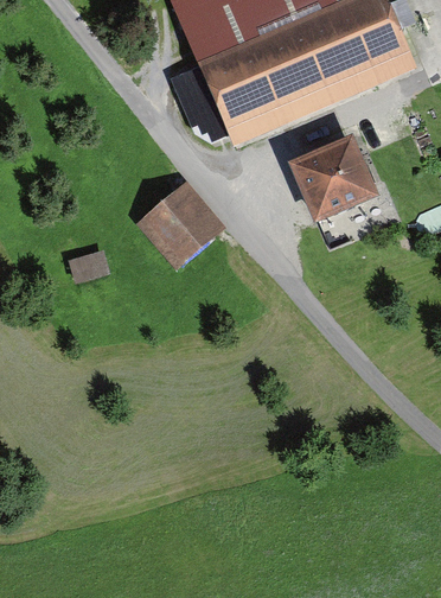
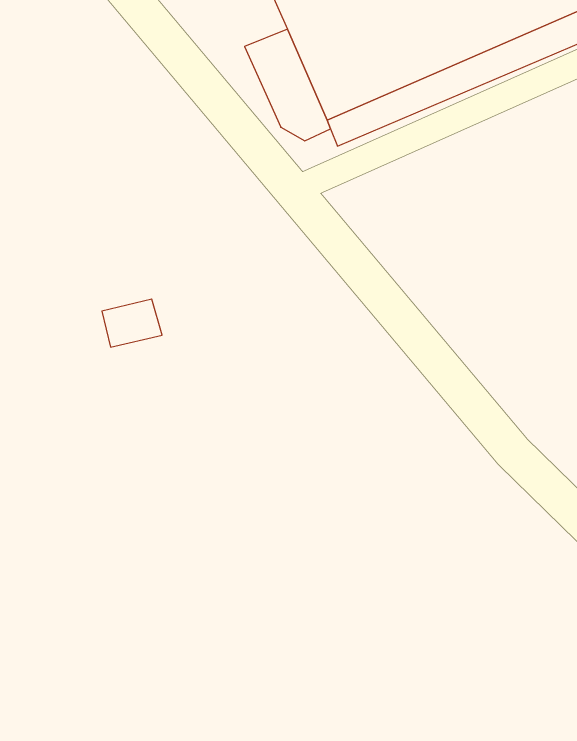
building: [288,132,379,221] -> none
building: [136,179,226,268] -> none

